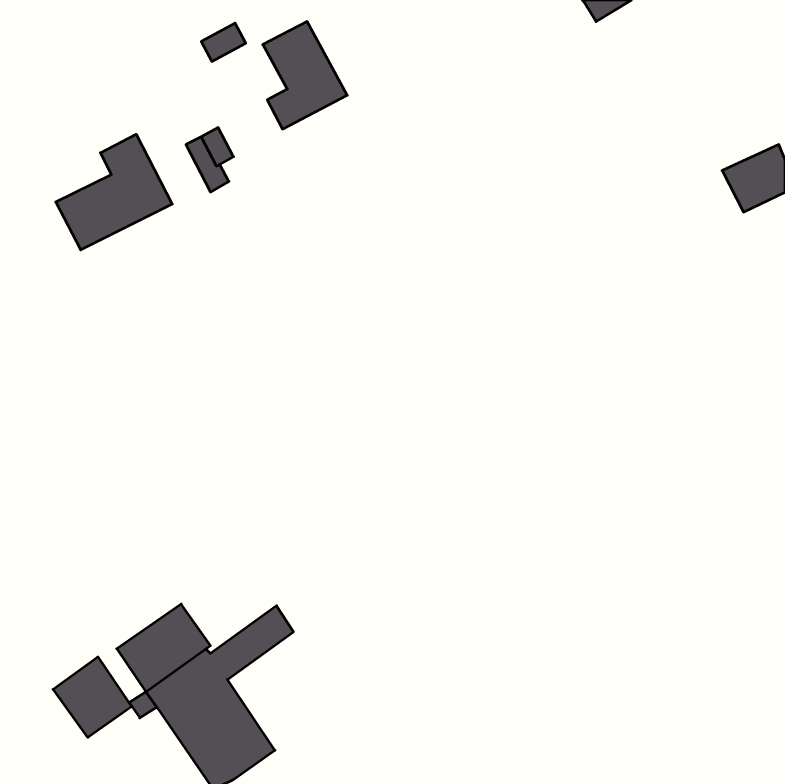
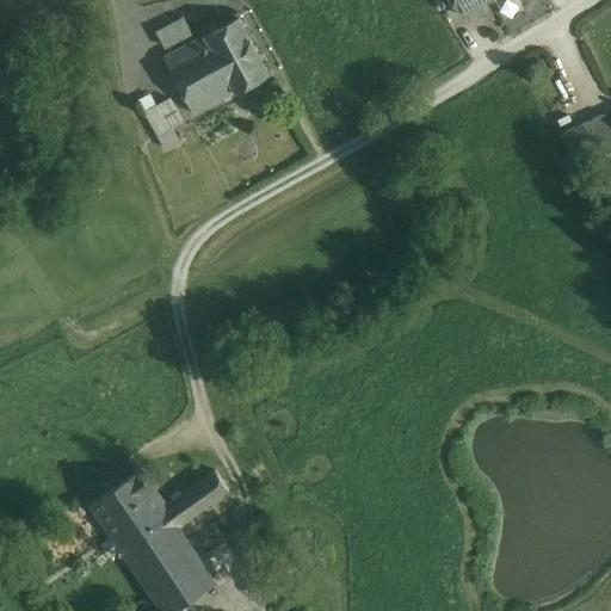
building: none -> [163,36,223,116]
building: [56,134,172,250] -> none
building: [53,657,132,737] -> none

